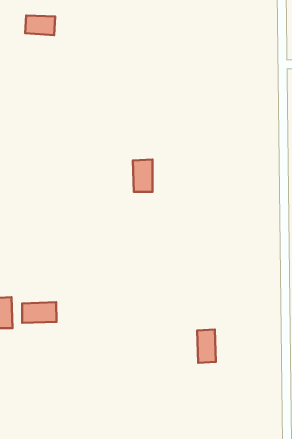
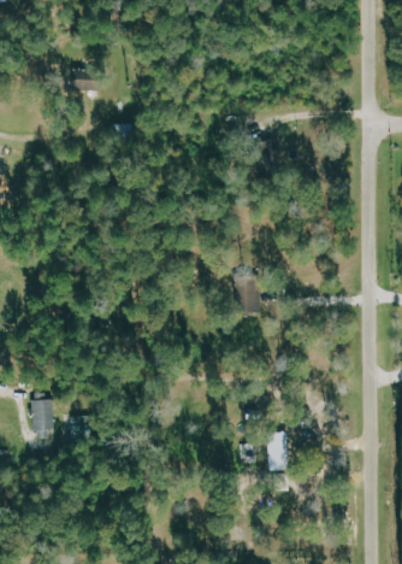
building: [133,159,153,192] -> [235,275,258,312]
building: [22,302,56,323] -> none

